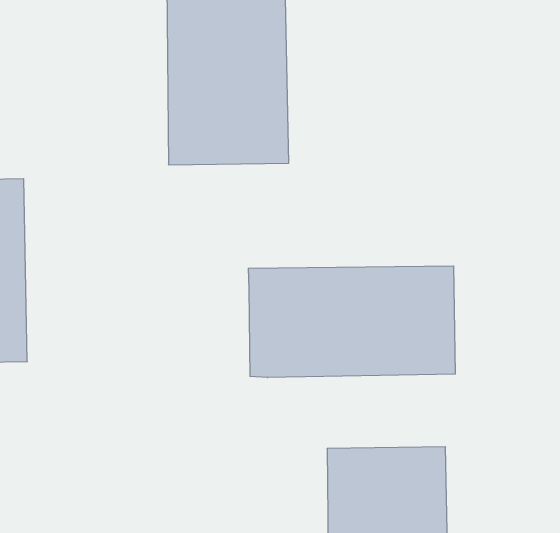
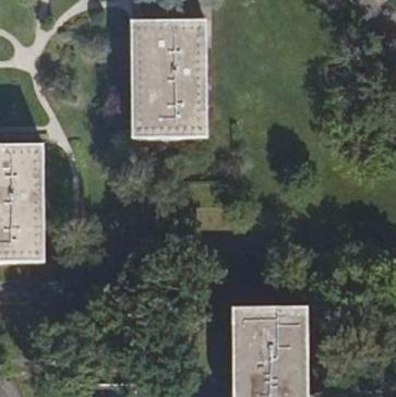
building: [248,266,455,378] -> none

